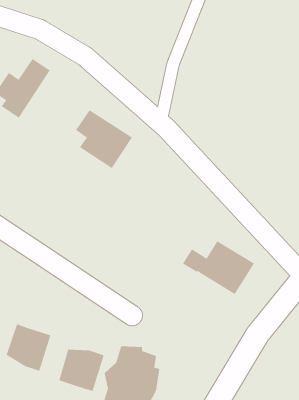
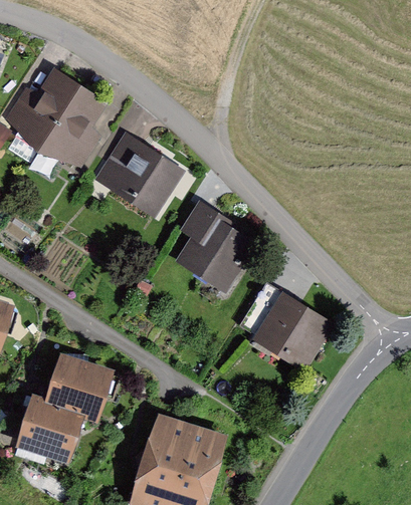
building: none -> [38,89,98,162]
building: none -> [181,205,249,280]
building: [58,349,105,391] -> [49,364,106,416]

